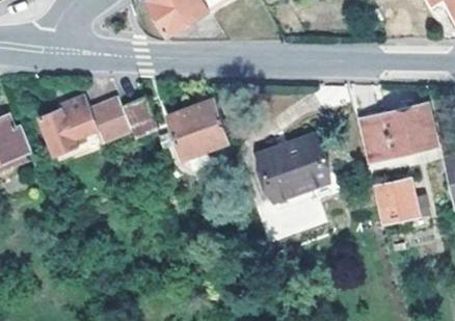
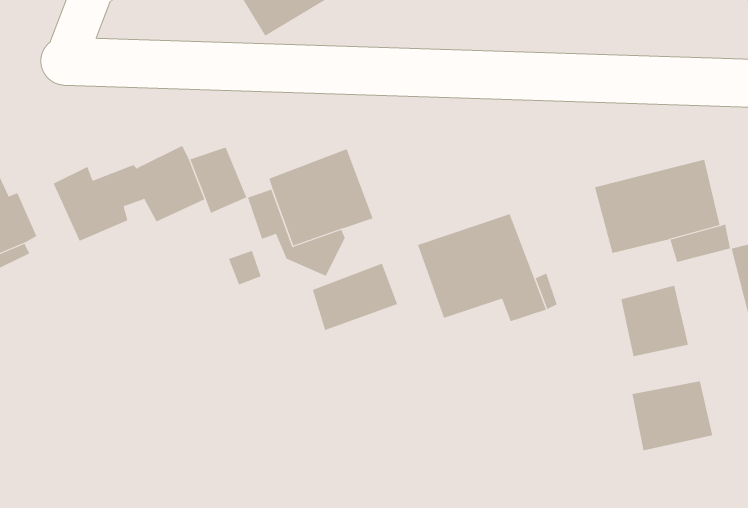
building: none -> [312,263,398,331]
building: none -> [632,381,713,451]

